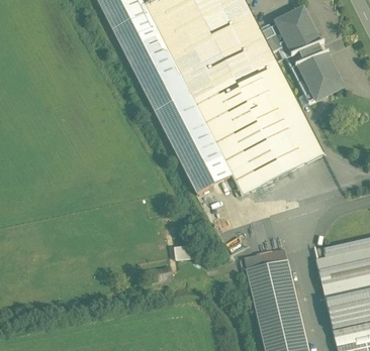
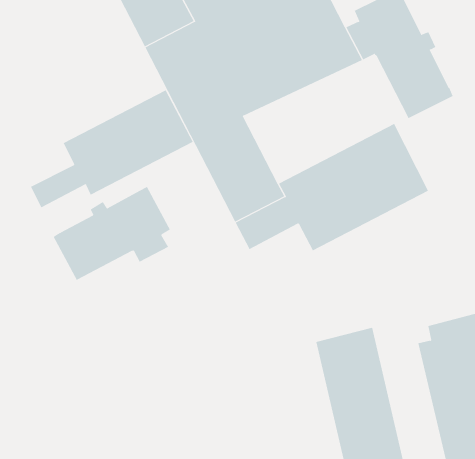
building: [193,61,299,147] -> none
building: none -> [30,90,194,208]
building: none -> [53,186,171,281]

